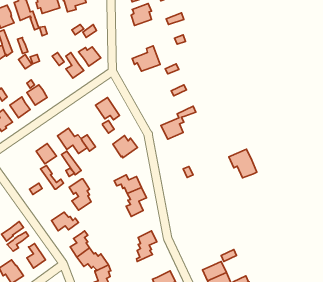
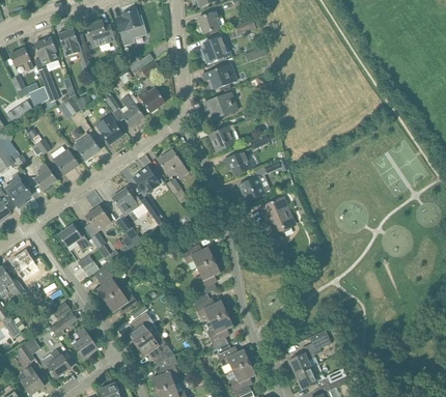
building: none -> [201,63,238,92]
building: none -> [95,110,122,143]
building: none -> [208,123,235,151]
building: none -> [223,150,252,175]
building: [113,136,137,158] -> [133,167,163,194]
building: [229,149,257,178] -> [260,197,295,232]
building: none -> [57,225,90,251]
building: [69,179,91,210] -> [92,262,119,301]
building: none -> [191,293,226,322]
building: none -> [208,342,249,370]

